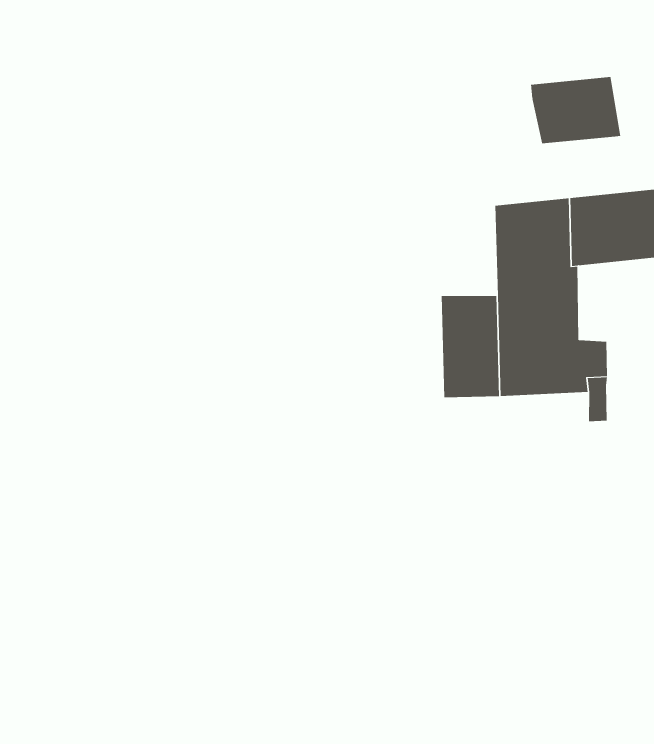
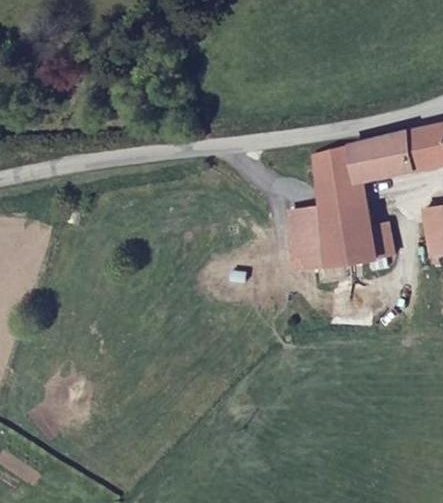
building: [530,76,621,144] -> none

